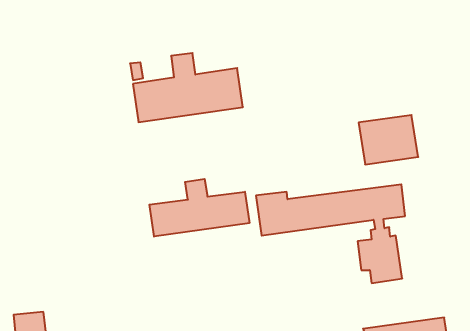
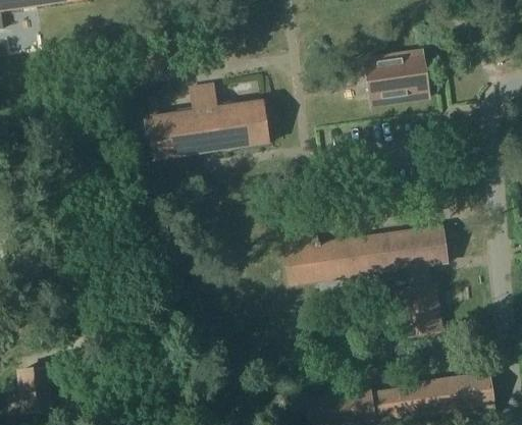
building: [359,115,418,164] -> [364,50,429,104]
building: [149,179,249,237] -> none

